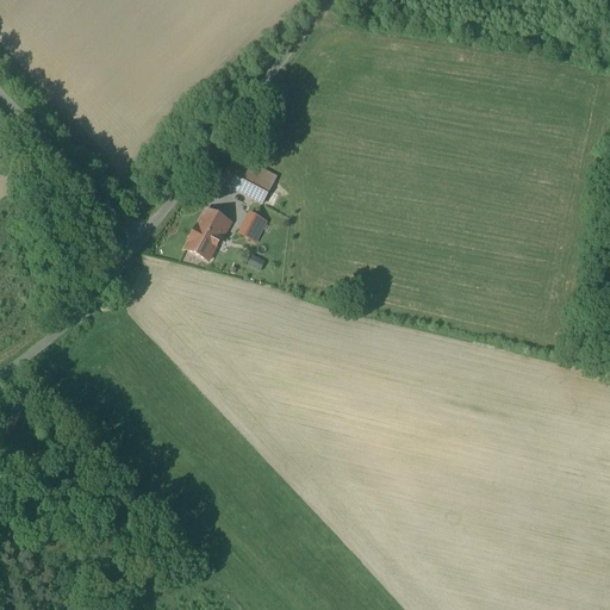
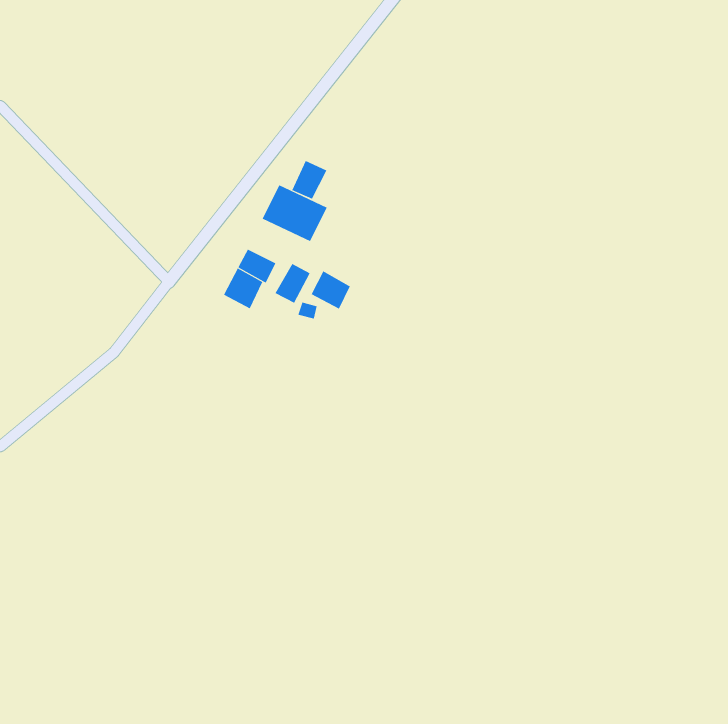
building: none -> [291,160,327,199]
building: none -> [311,271,351,309]

